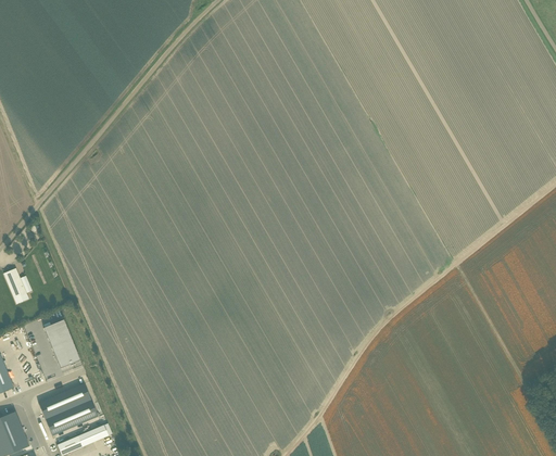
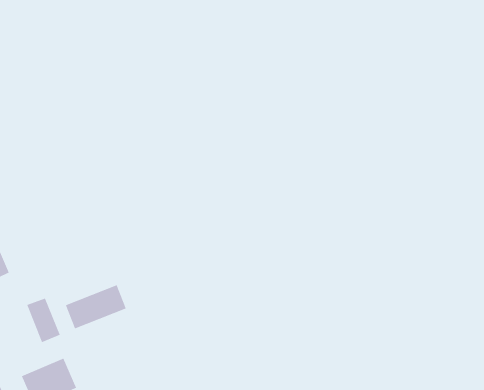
building: none -> [65,284,127,330]

